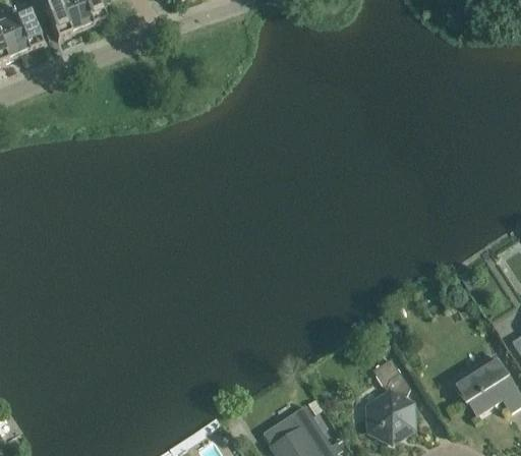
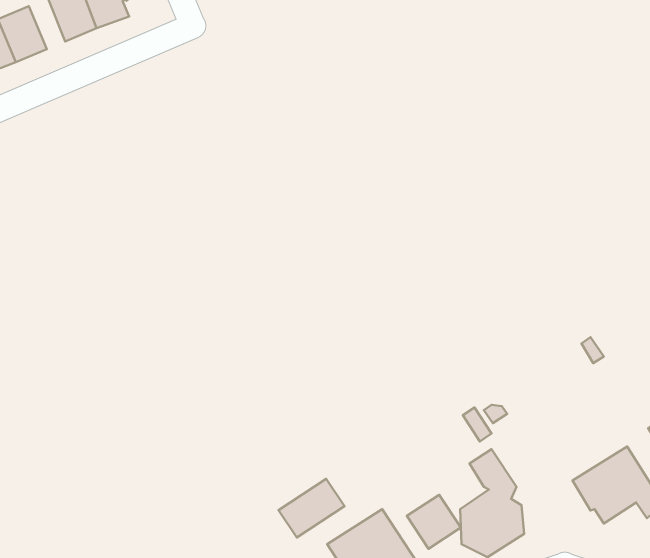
building: none -> [278,479,345,538]
building: none -> [407,495,461,549]

